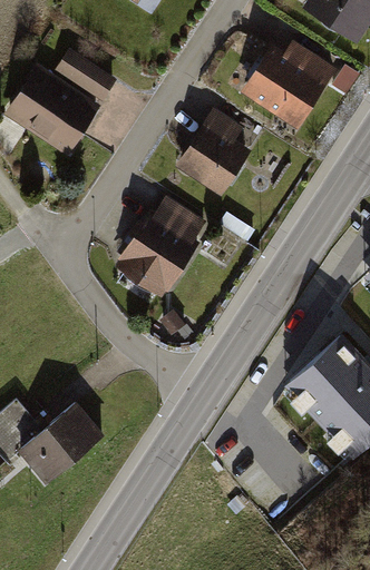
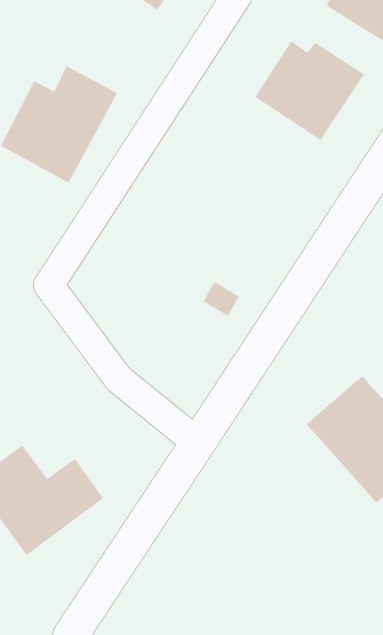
building: [177,102,261,190] -> none
building: [113,194,206,294] -> none

